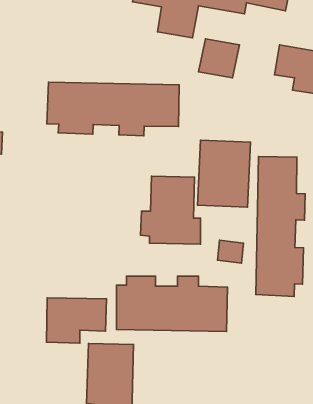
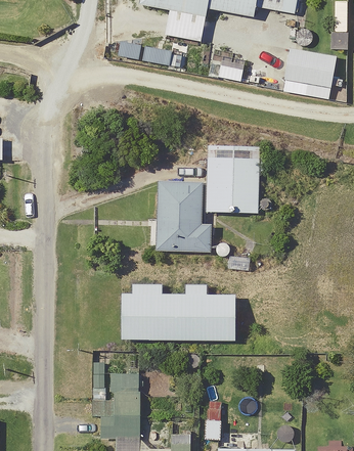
building: [47,82,179,136] -> none
building: [256,157,305,296] -> none
building: [46,298,106,343] -> none

